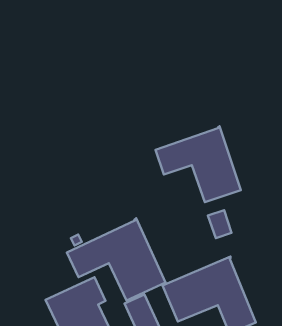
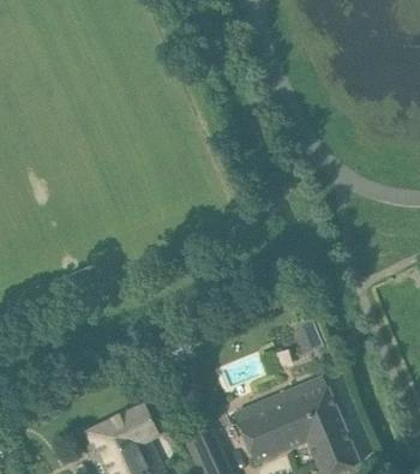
building: [156,126,241,202] -> none
building: [67,218,166,300] -> none

